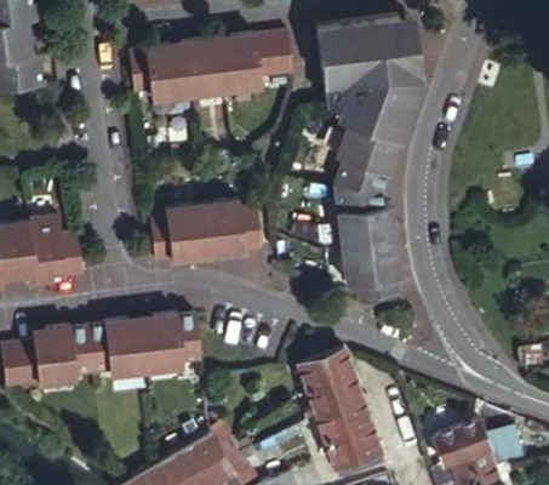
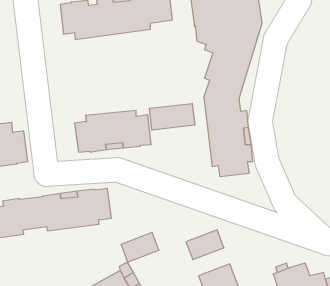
building: none -> [150,103,195,130]
building: [299,348,354,390] -> [121,233,159,262]
building: [319,399,372,439] -> none

